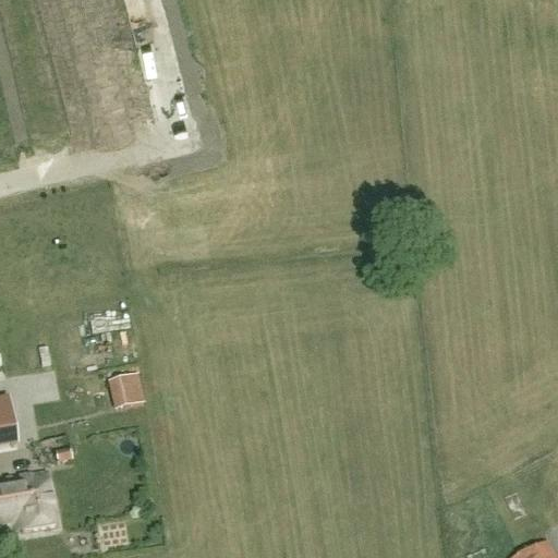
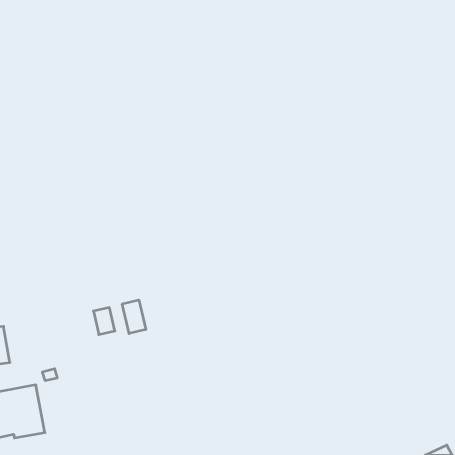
building: none -> [122,300,146,334]

